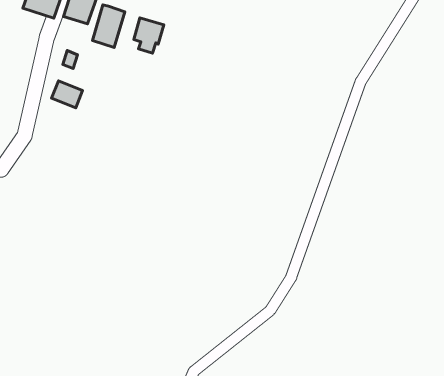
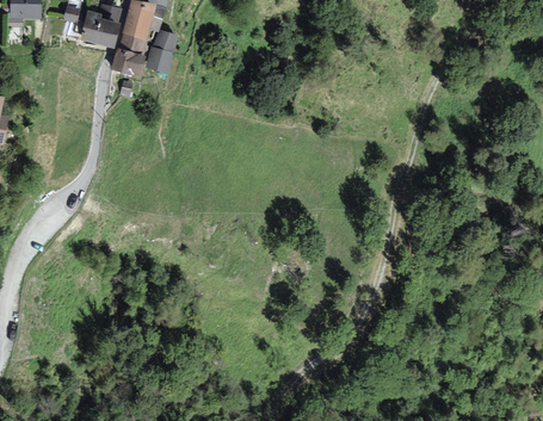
building: [134,18,164,53] -> none
building: [52,81,83,108] -> [109,47,140,73]

